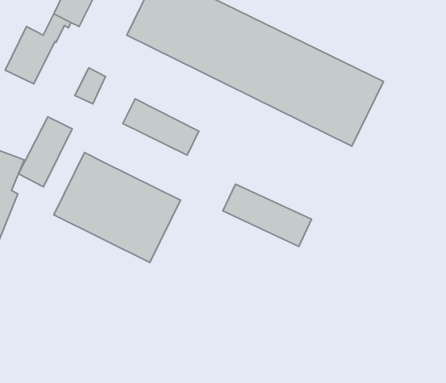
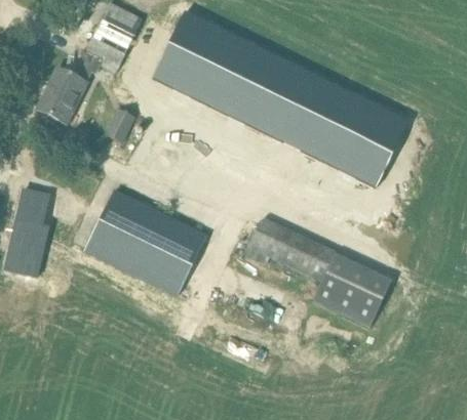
building: [123,99,199,155] -> none
building: [18,117,72,187] -> none
building: none -> [313,255,391,327]

